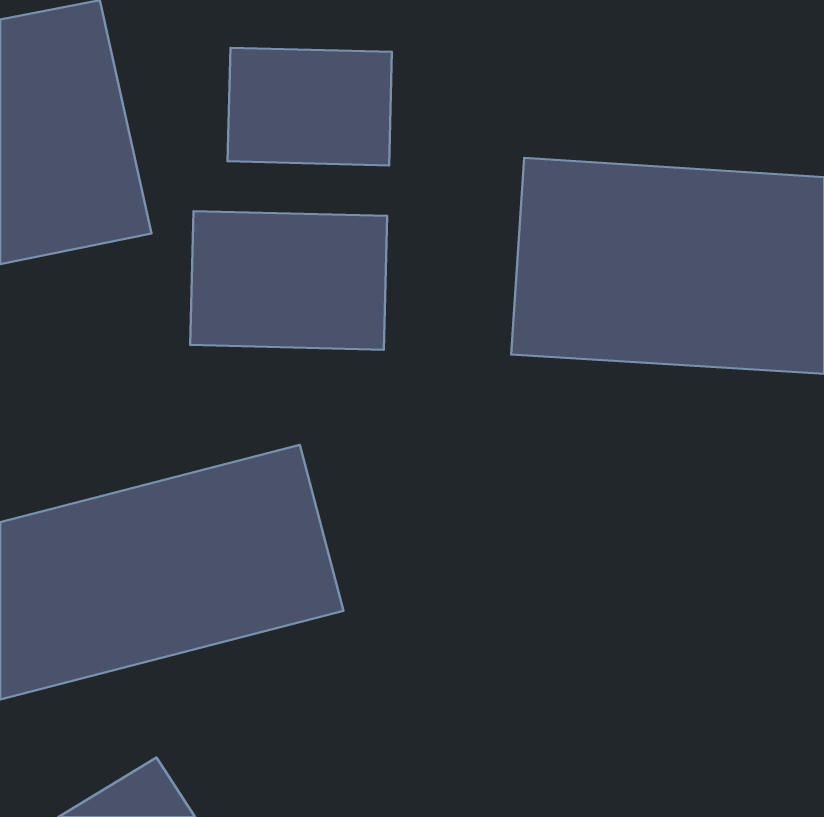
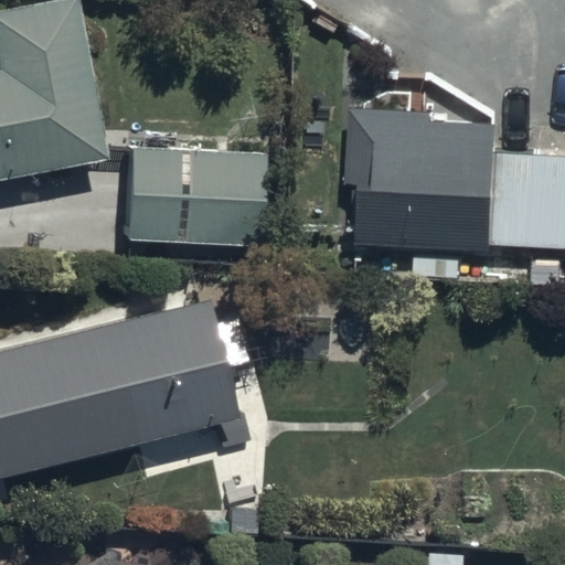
building: [227,48,392,165] -> none

